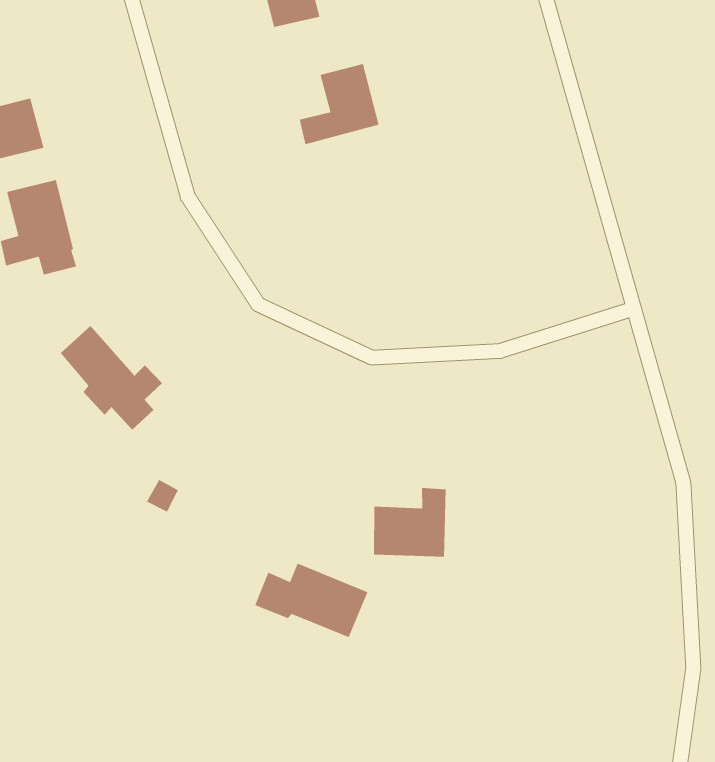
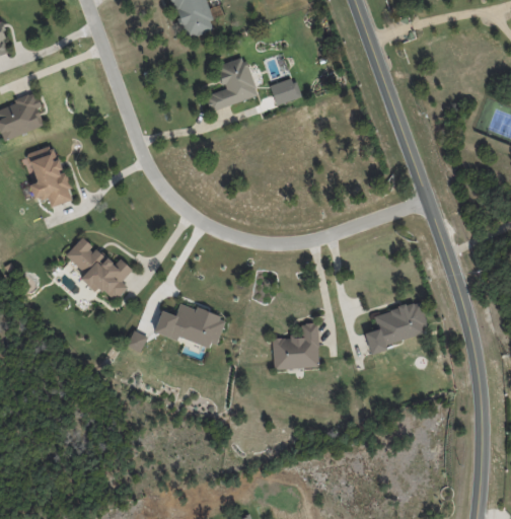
building: none -> [270,77,301,105]
building: none -> [364,302,427,355]
building: [254,563,368,638] -> [154,303,226,349]

